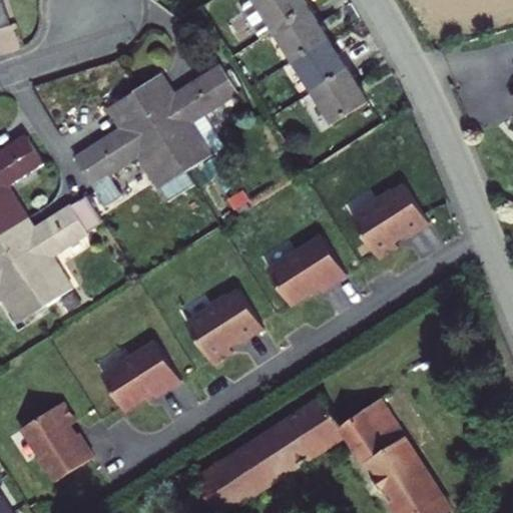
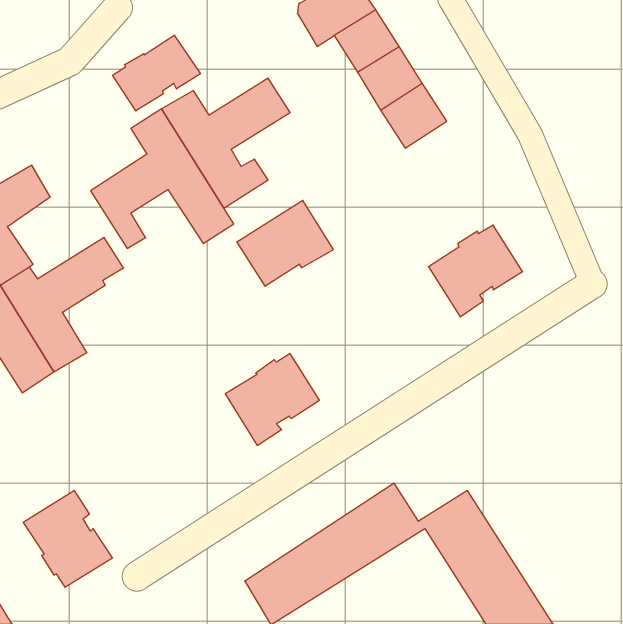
building: none -> [113,35,200,111]
building: [267,235,346,306] -> [237,200,333,286]
building: [100,341,179,411] -> none

